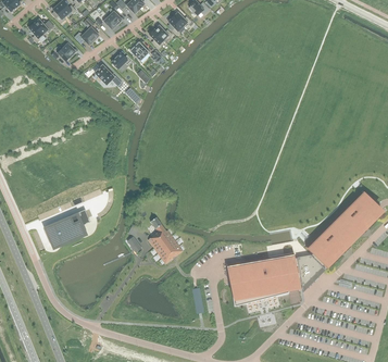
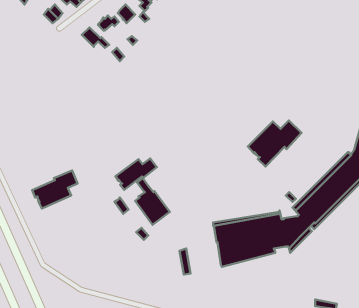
building: none -> [248,121,302,166]
building: none -> [116,159,157,190]

